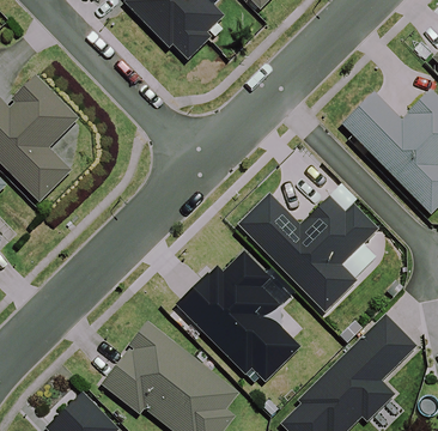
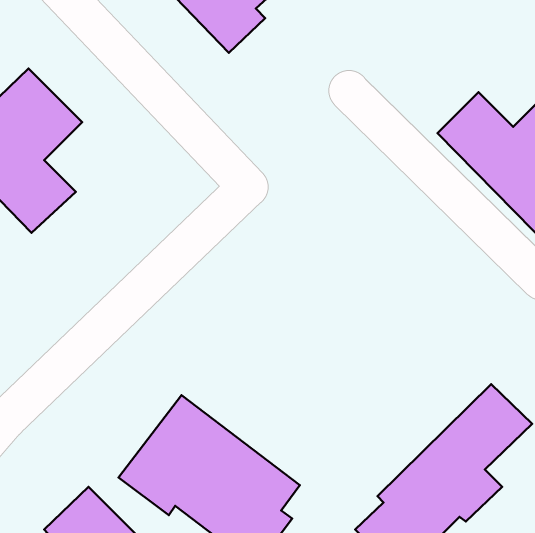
building: [239,190,376,314] -> none
building: [178,253,300,381] -> none

